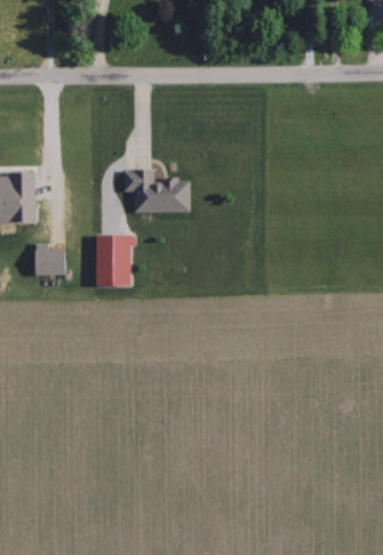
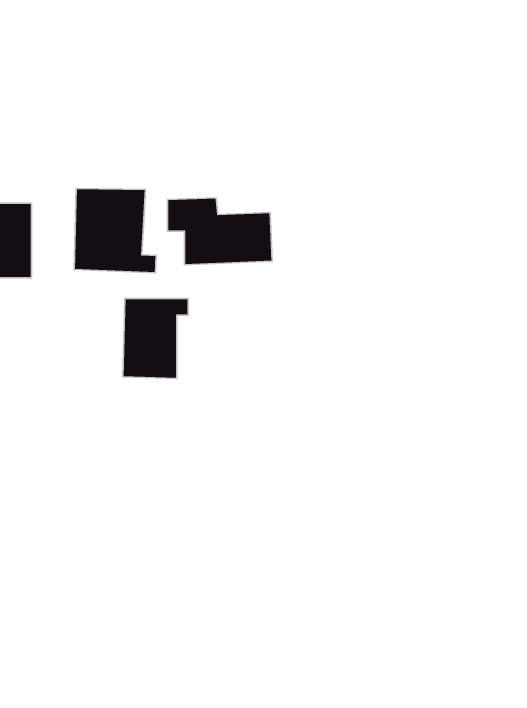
building: none -> [74,188,156,273]
building: [34,243,69,276] -> none

